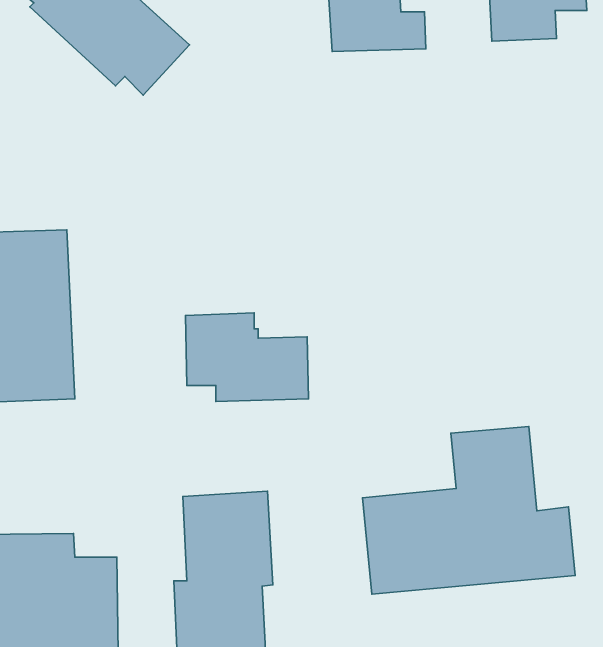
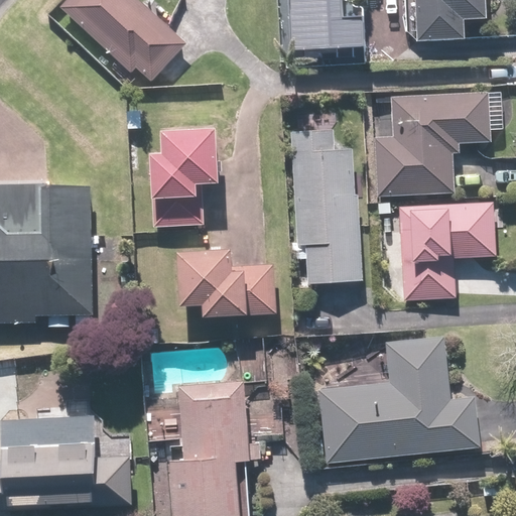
building: none -> [371,94,486,196]
building: none -> [290,117,359,282]
building: none -> [149,130,221,228]
building: none -> [397,203,494,300]

